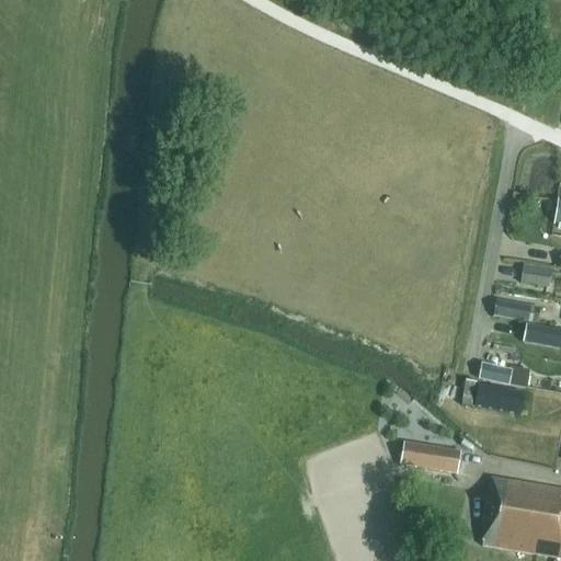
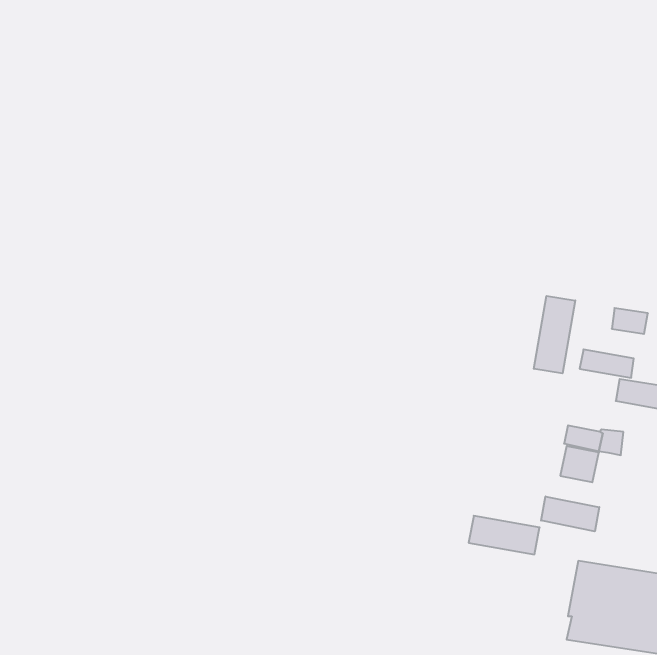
building: none -> [534,296,575,373]
building: none -> [541,496,599,531]

